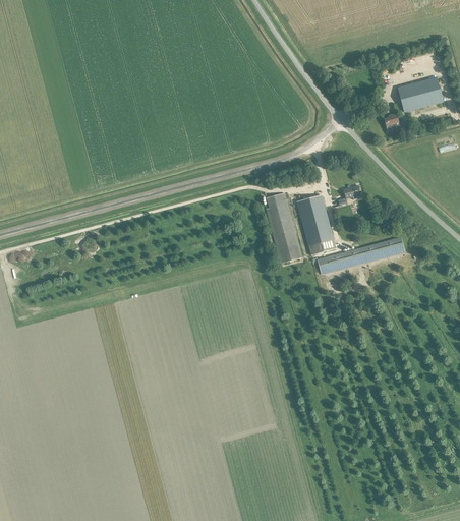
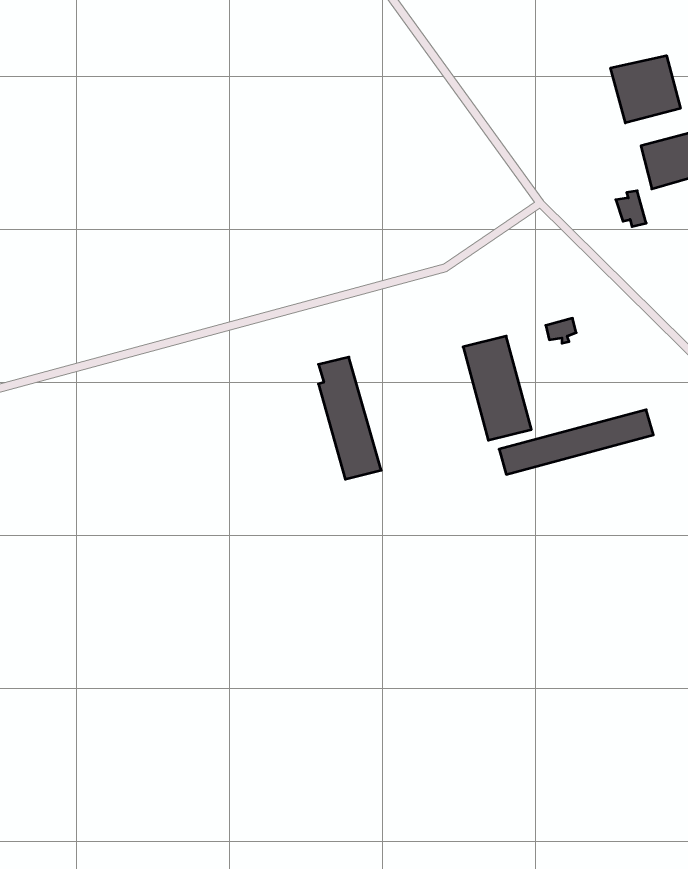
building: none -> [611,56,680,123]
building: [266,193,301,263] -> [318,357,381,479]

